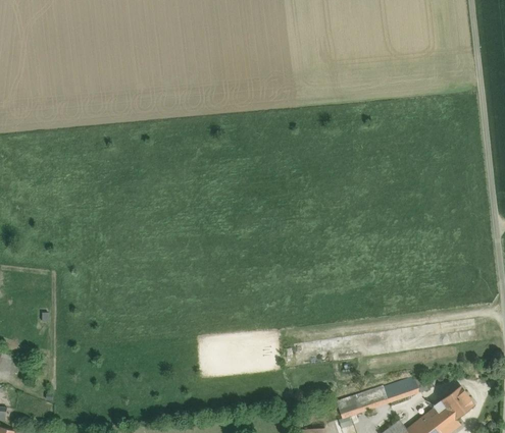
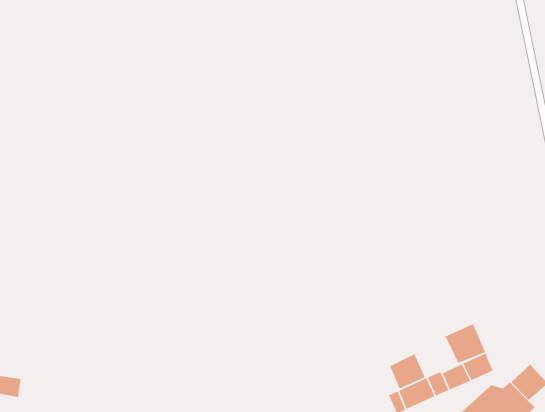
building: none -> [444,323,486,364]
building: none -> [389,353,426,390]

